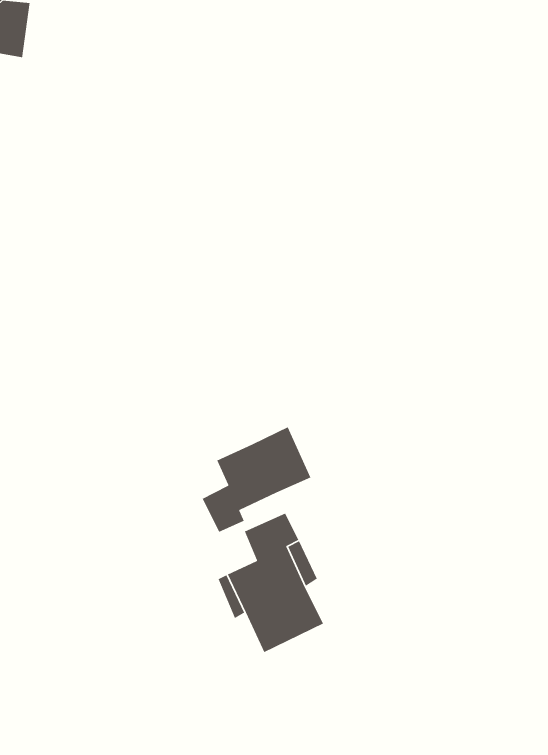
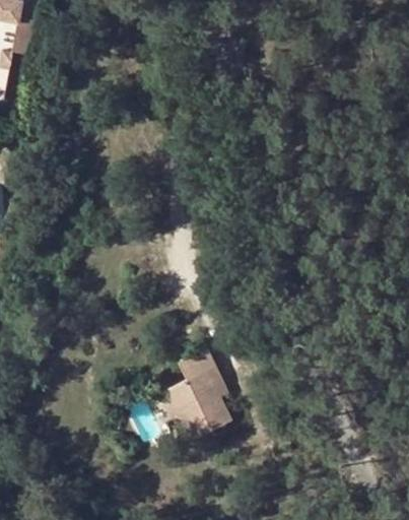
building: [202,426,312,533] -> none

